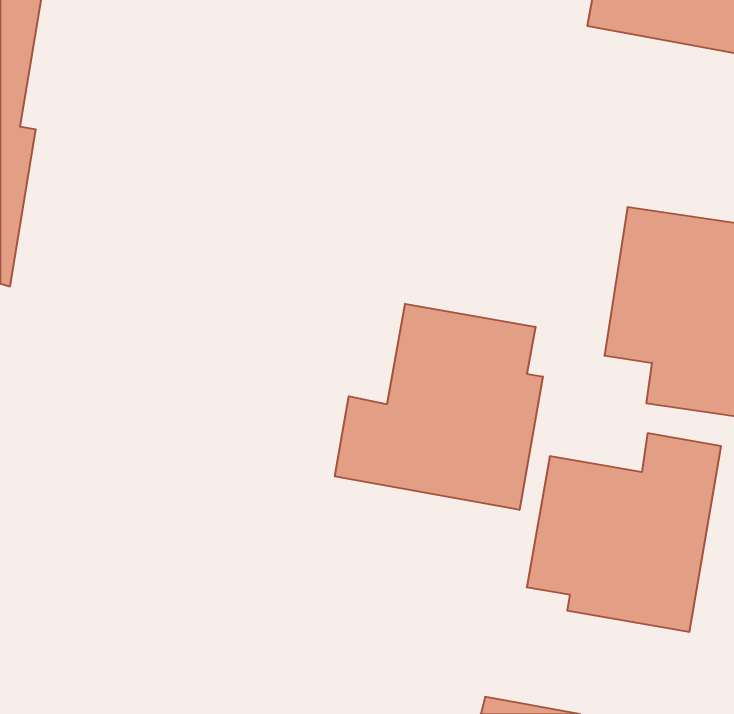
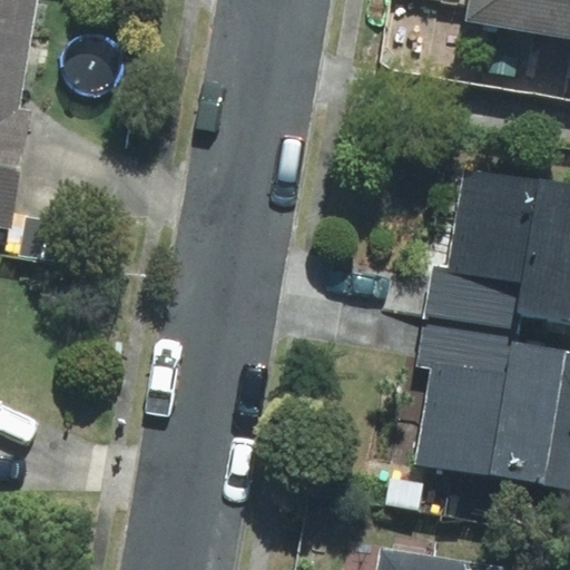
building: [335,304,543,510] -> none

